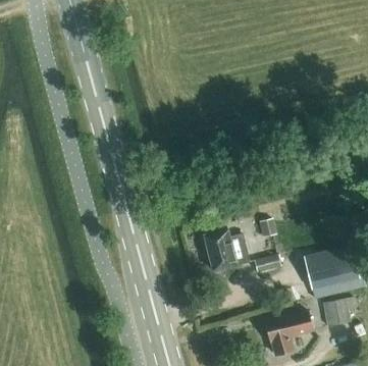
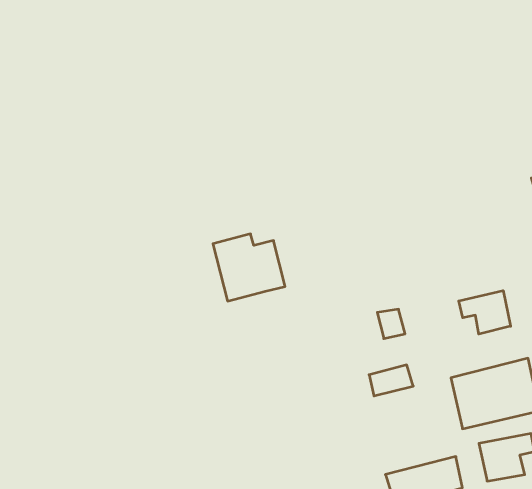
building: none -> [459,291,511,334]
building: [204,229,249,271] -> [213,234,285,301]

